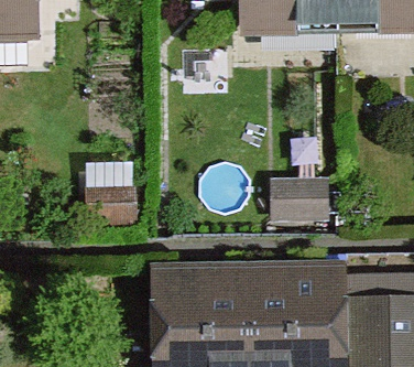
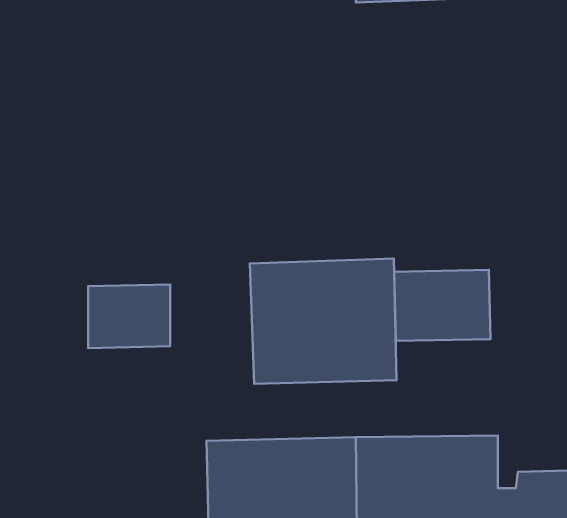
building: none -> [250,258,397,384]

